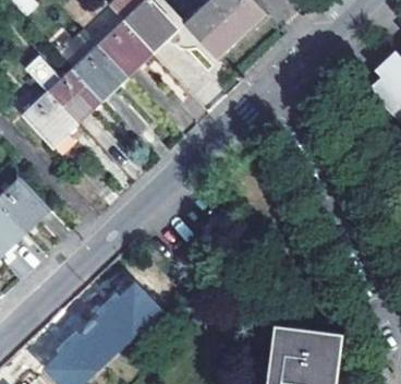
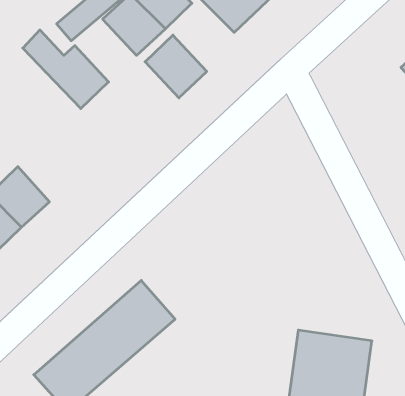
building: [73,44,129,100] -> [145,35,207,98]
building: [23,92,78,152] -> none

